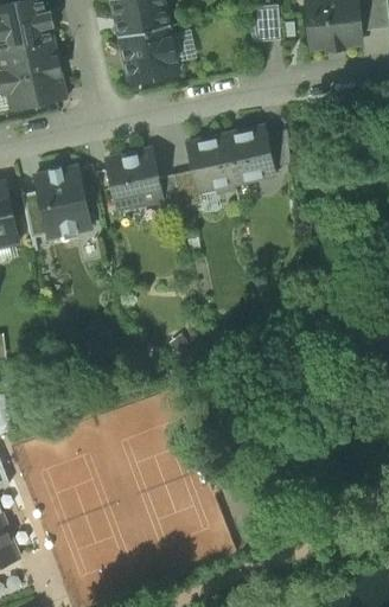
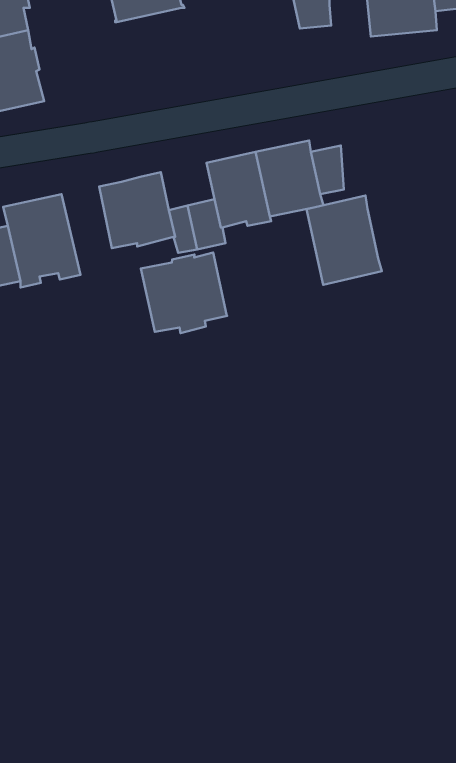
building: [119,26,177,82] -> none
building: none -> [307,196,382,285]
building: none -> [141,252,227,333]

